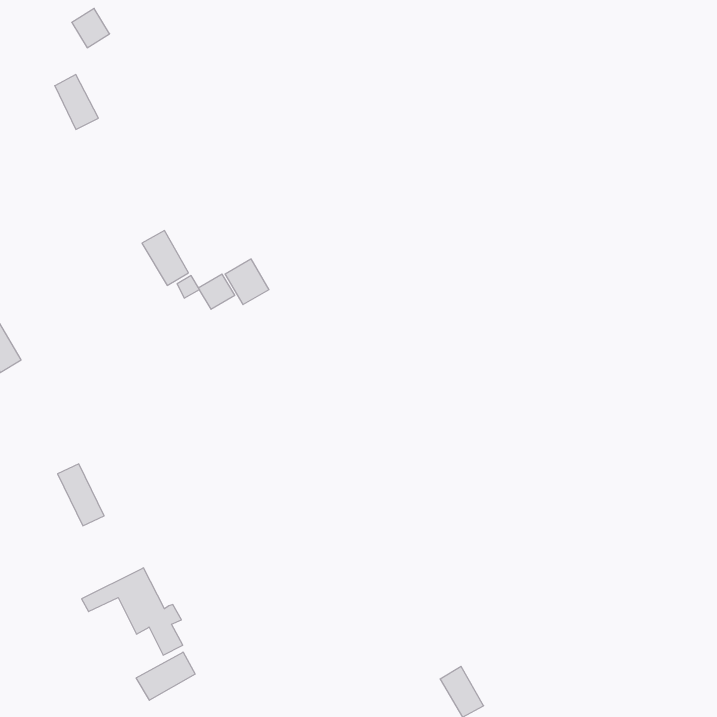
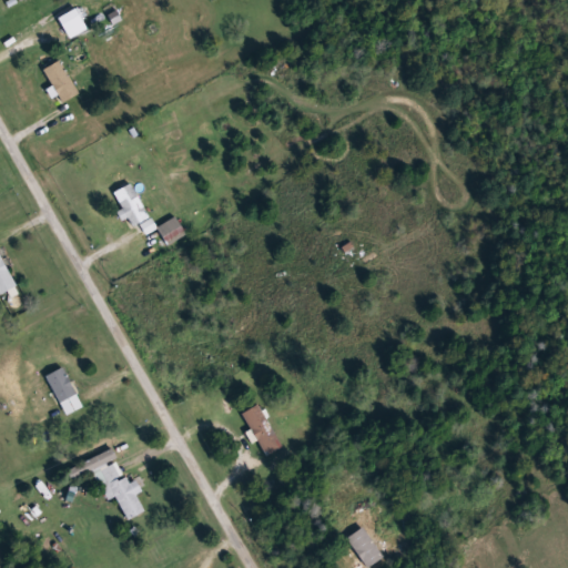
building: [225,259,269,305] -> none
building: none -> [240,404,281,455]
building: [136,652,195,700] -> none

